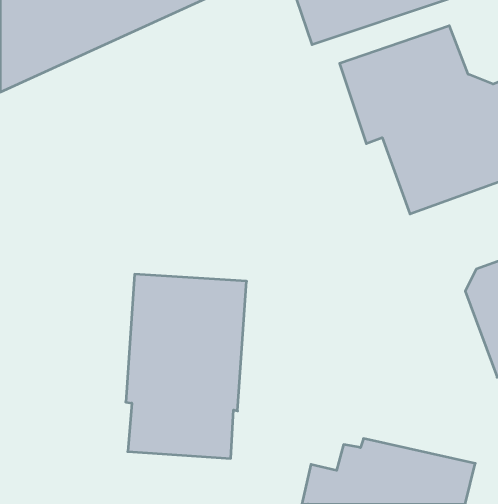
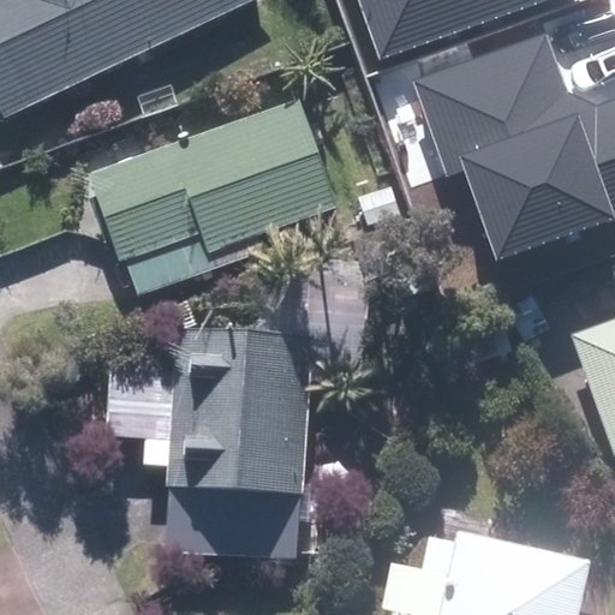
building: none -> [86,101,332,299]

